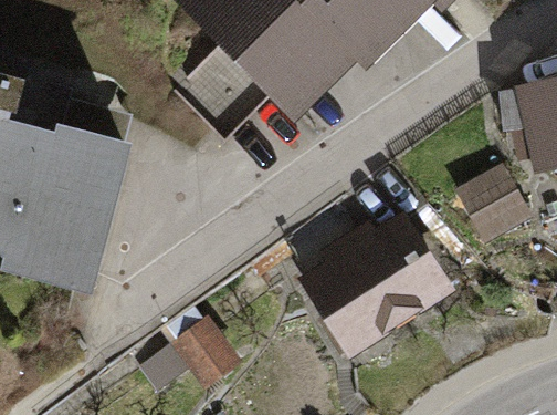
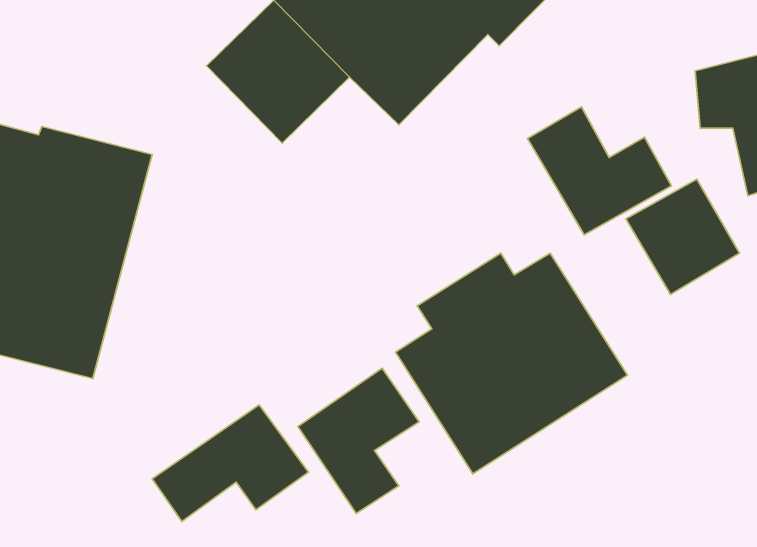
building: none -> [528,107,672,235]
building: none -> [298,368,419,514]

